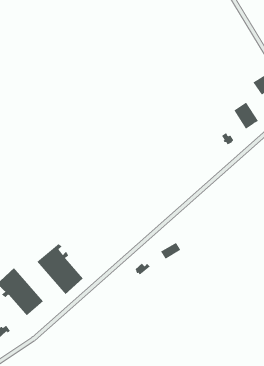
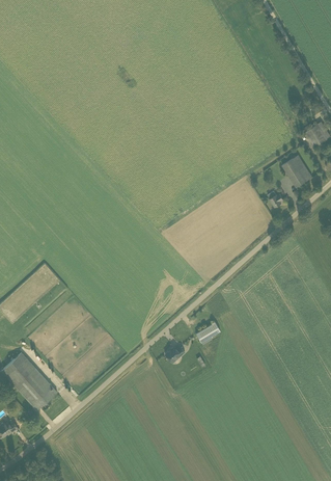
building: [37,243,84,295] -> none

